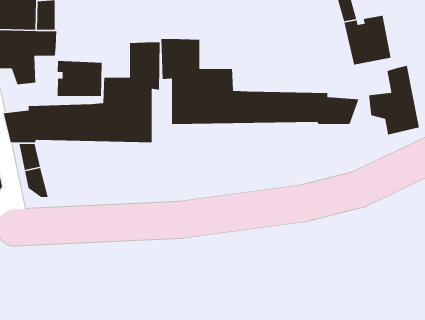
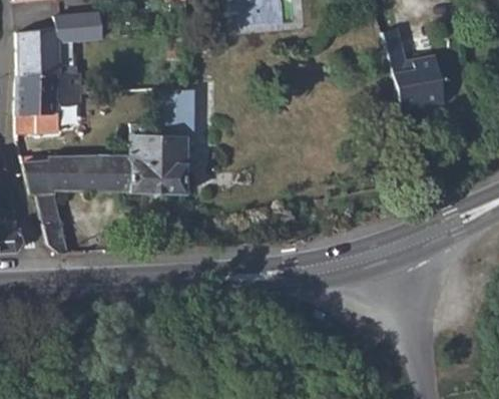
building: [161,38,359,125] -> none
building: [57,60,102,97] -> none
building: [368,65,420,135] -> none

